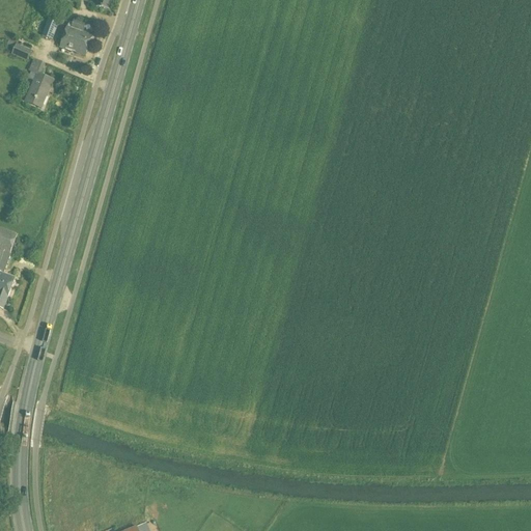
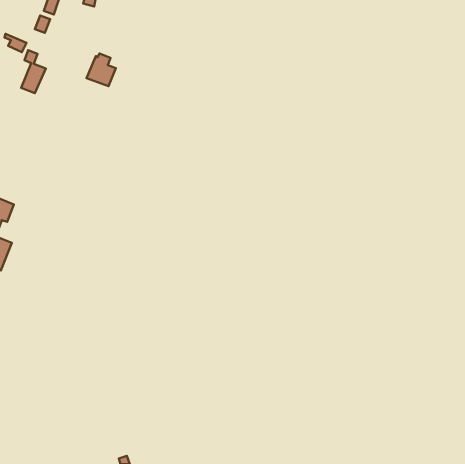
building: [58,17,91,54] -> [87,53,116,86]

